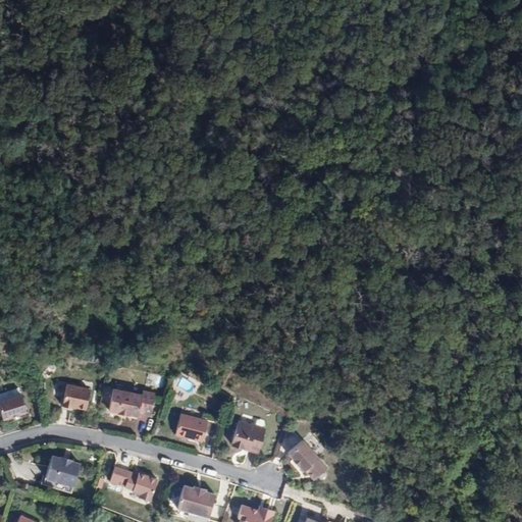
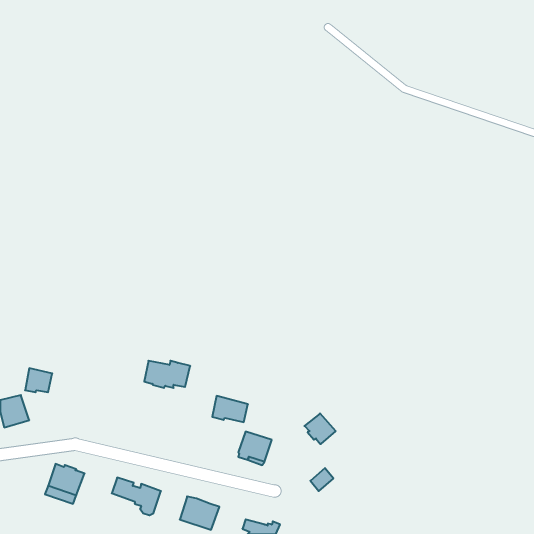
building: [64,381,91,405] -> [25,368,52,392]
building: [109,389,154,416] -> [144,361,190,388]
building: [175,414,210,439] -> [212,396,248,422]
building: [286,439,317,469] -> [304,413,336,444]

